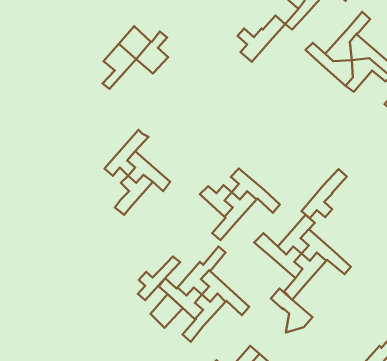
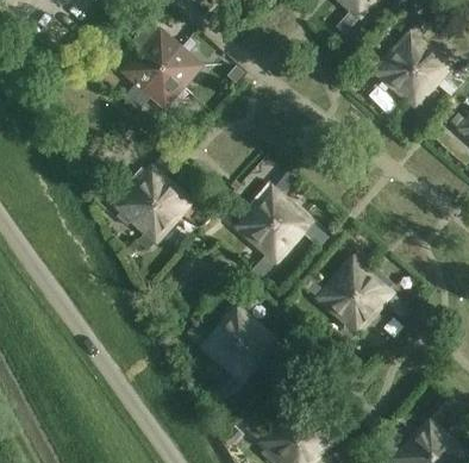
building: [237,15,285,62] -> none
building: none -> [130,69,180,111]
building: none -> [102,183,152,232]
building: [302,169,347,218] -> [244,168,296,225]
building: [138,256,180,300] -> none
building: [271,289,313,333] -> none
building: [150,294,183,328] -> none

